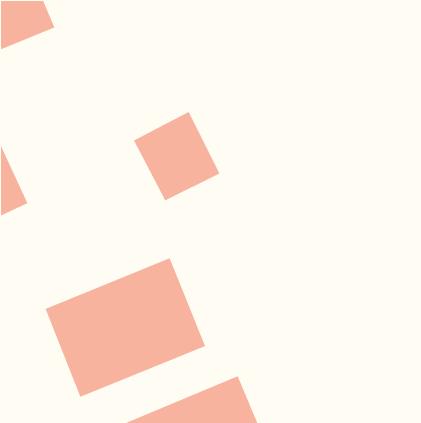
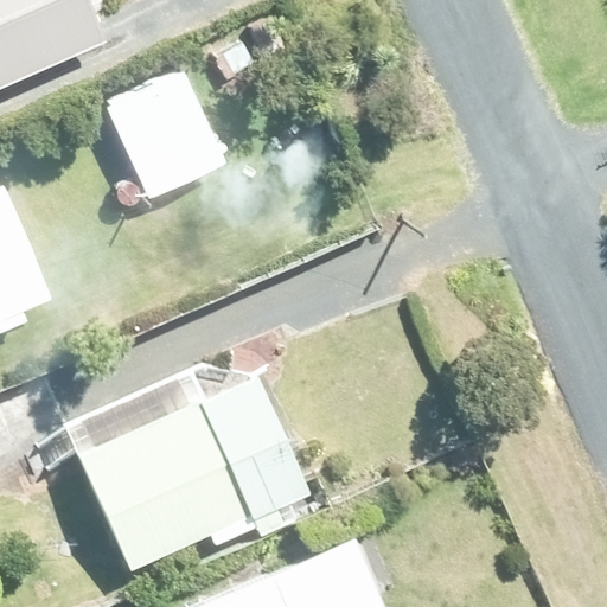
building: [133,111,220,202] -> [106,69,229,197]

